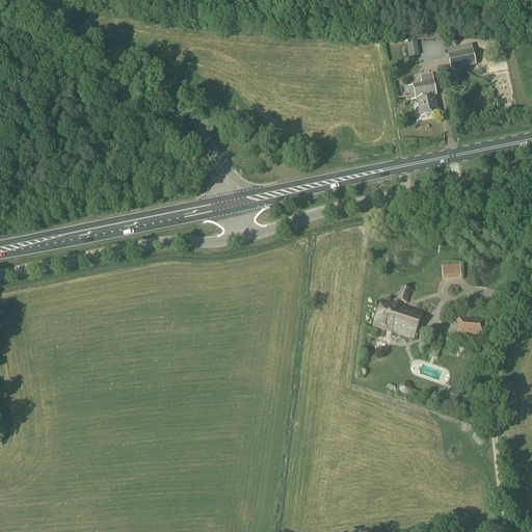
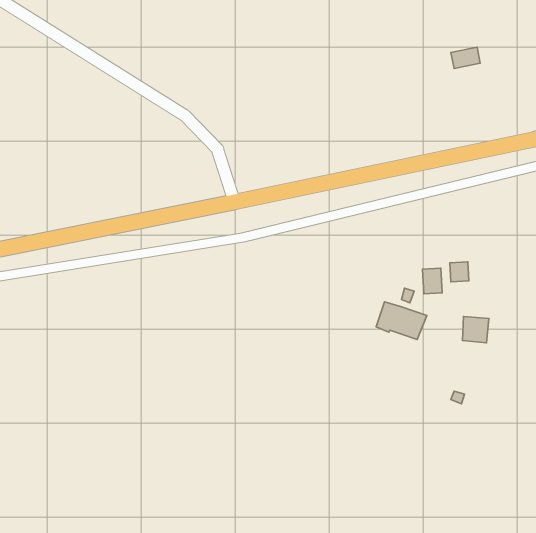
building: [406,71,437,115] -> none
building: none -> [423,268,442,294]

